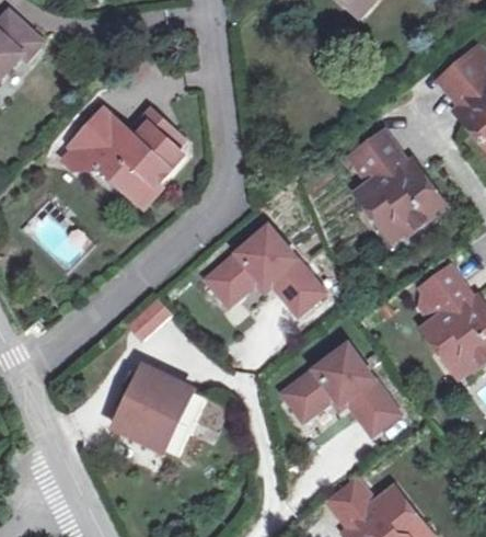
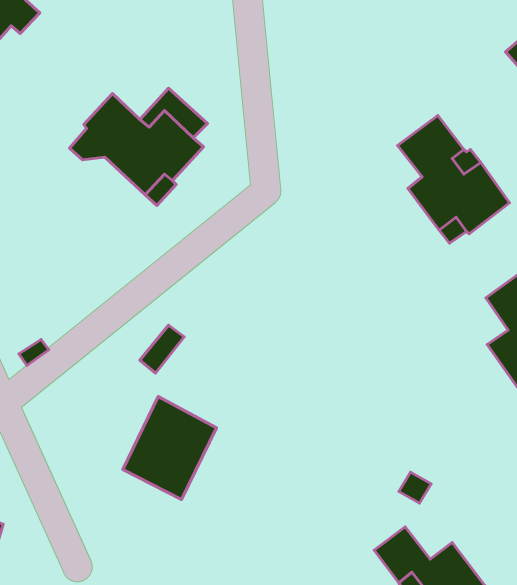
building: [205,225,323,313] -> none
building: [282,344,400,435] -> none

